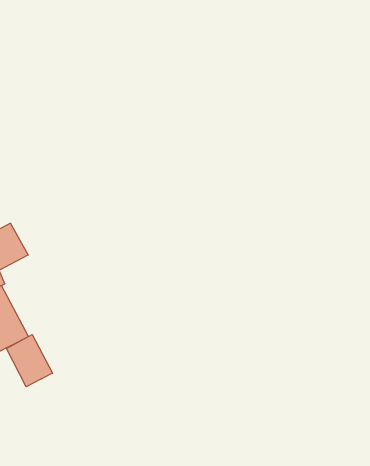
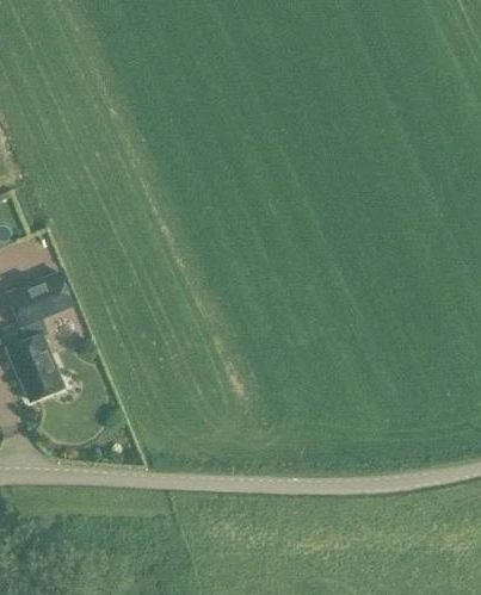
building: [6,335,53,387] -> none

